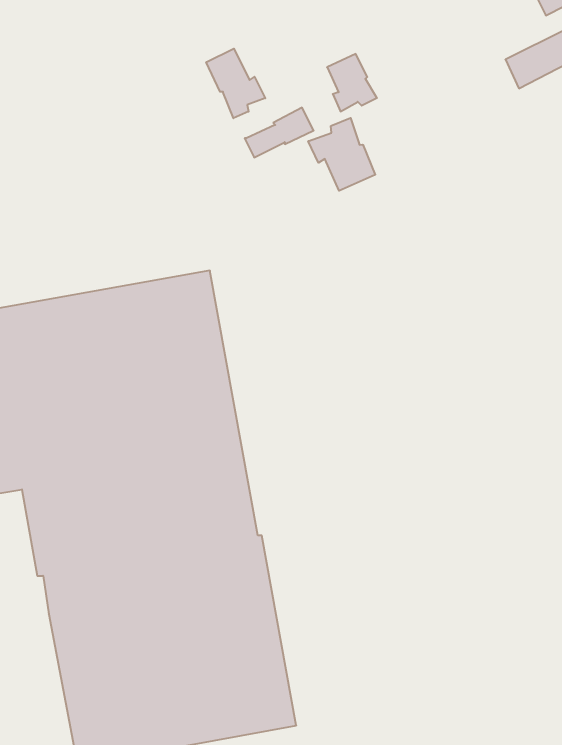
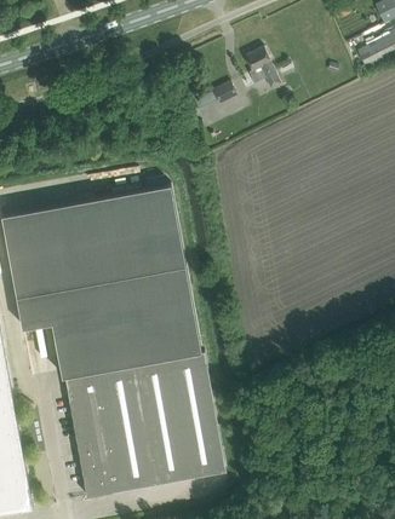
building: [206,49,265,118] -> none
building: [308,118,375,191] -> none

